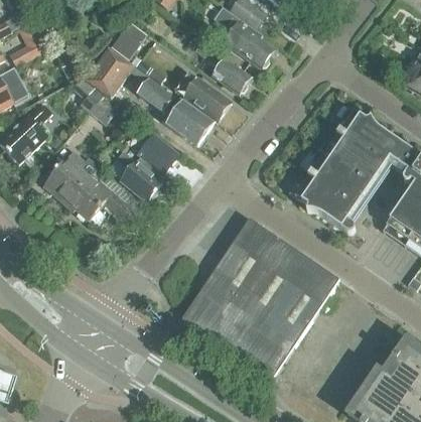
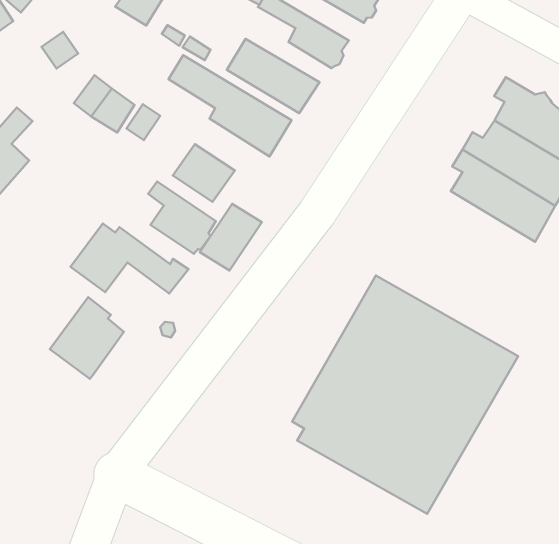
building: [86,45,134,96] -> none
building: [43,153,90,203] -> [50,297,124,379]
building: none -> [200,204,262,270]
building: [286,173,356,228] -> none

